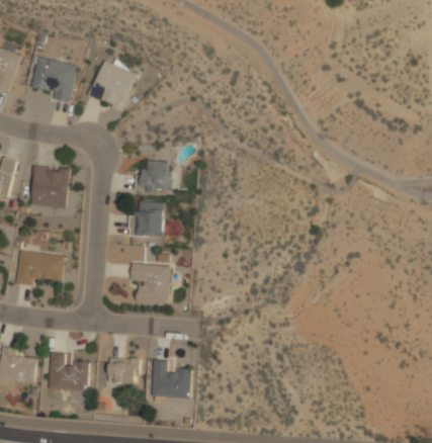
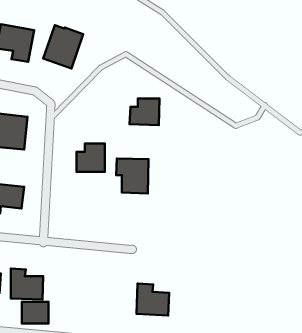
building: [136,160,172,192] -> [130,98,160,125]
building: [131,263,170,305] -> [116,158,149,193]
building: [108,357,141,383] -> [22,302,48,323]
building: [152,359,191,397] -> [137,284,169,315]

